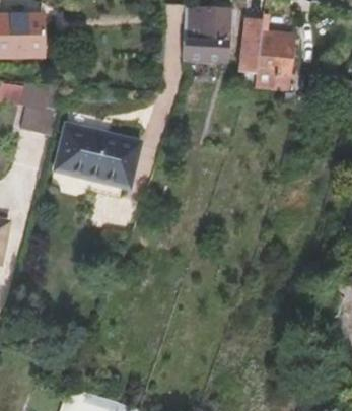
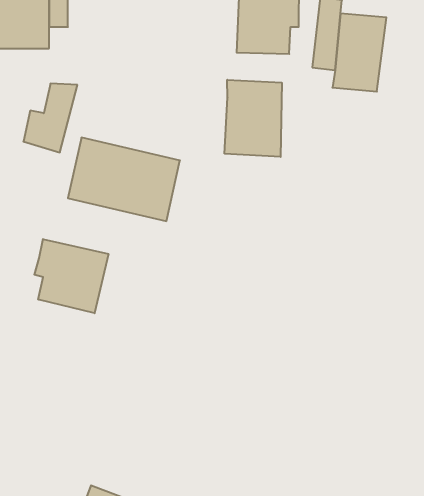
building: none -> [225,80,282,157]
building: none -> [34,239,108,313]

